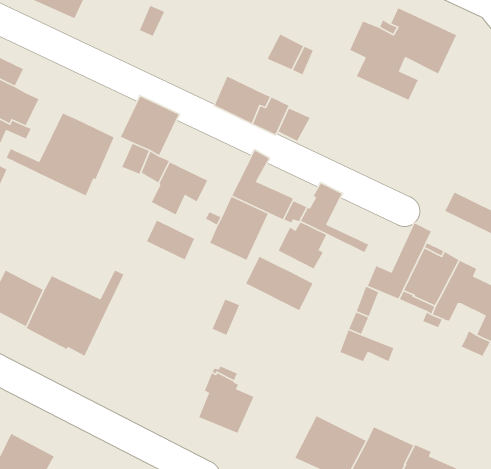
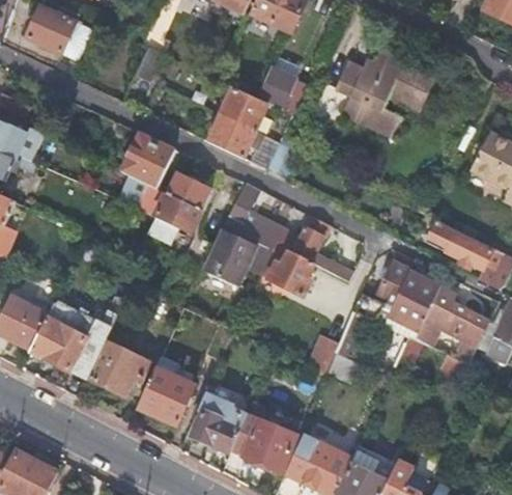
building: none -> [220,86,268,131]
building: [6,113,115,196] -> none
building: [147,220,195,260] -> [166,173,211,212]
building: [245,256,313,311] -> none
building: none -> [86,339,150,395]
building: none -> [138,356,194,425]
building: none -> [230,415,296,472]

